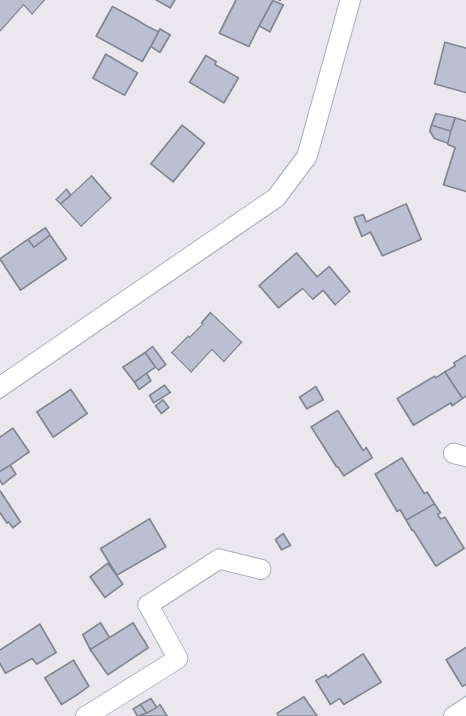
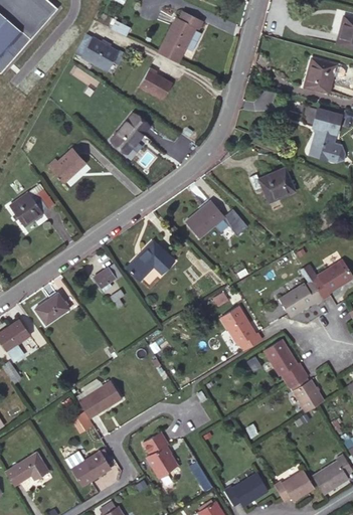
building: [93,54,138,95] -> none
building: none -> [142,432,176,477]
building: none -> [274,470,313,501]
building: [45,660,89,704] -> none

